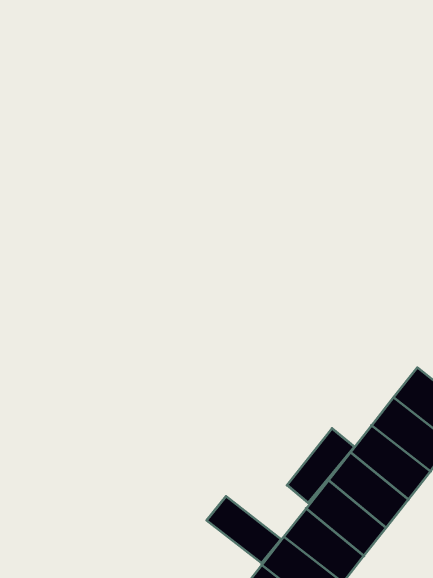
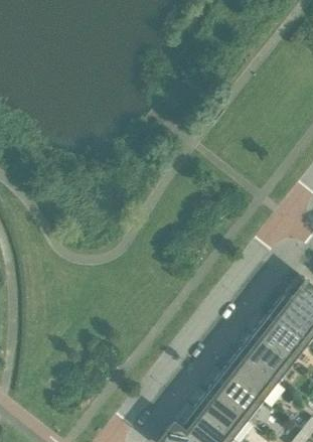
building: [287,428,355,503] -> none
building: [207,496,281,563] -> none

